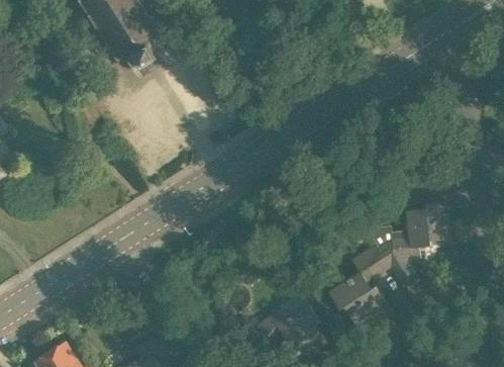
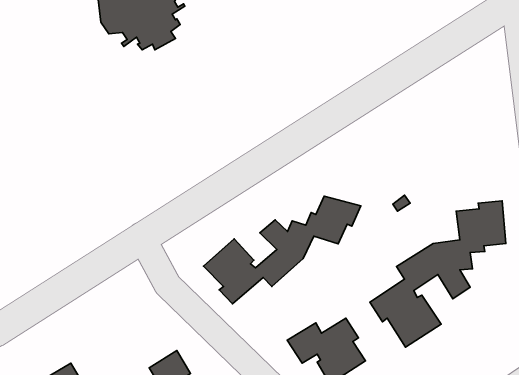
building: none -> [203,196,361,304]

